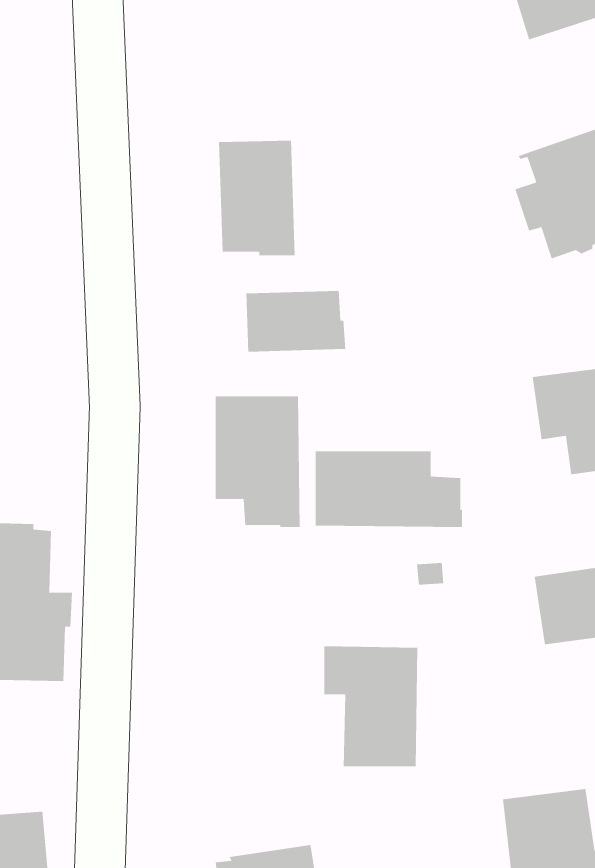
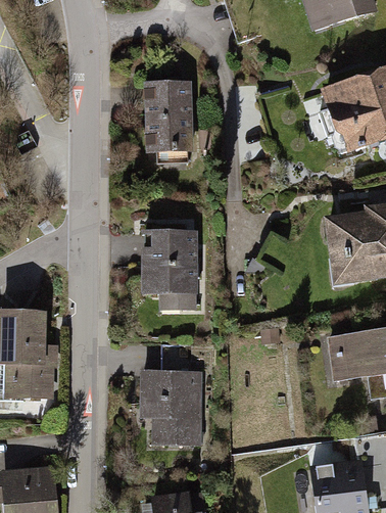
building: [246,290,346,353] -> none
building: [315,451,463,528] -> none
building: [323,646,418,767] -> [142,372,197,442]

